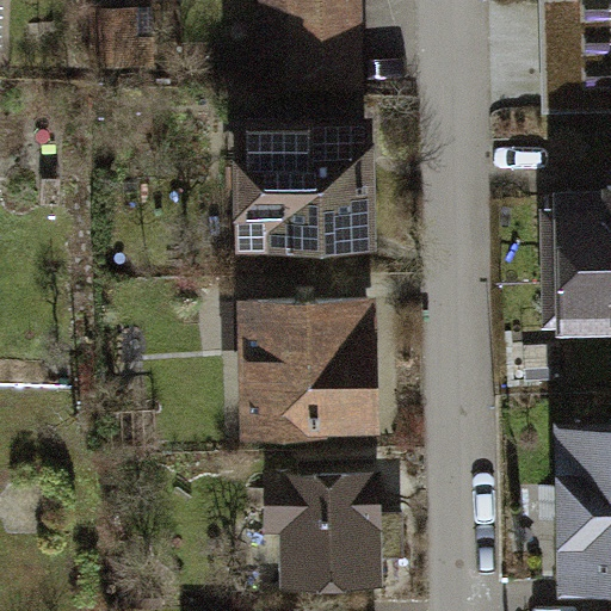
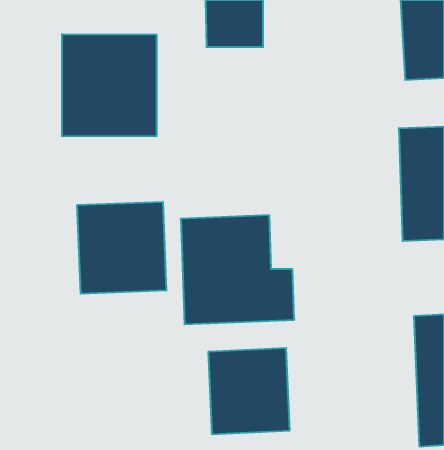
building: none -> [62,34,156,136]
building: [237,106,390,255] -> none
building: none -> [77,202,166,294]

